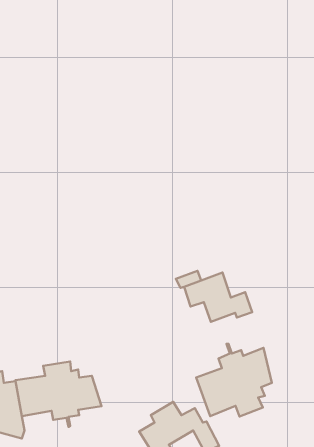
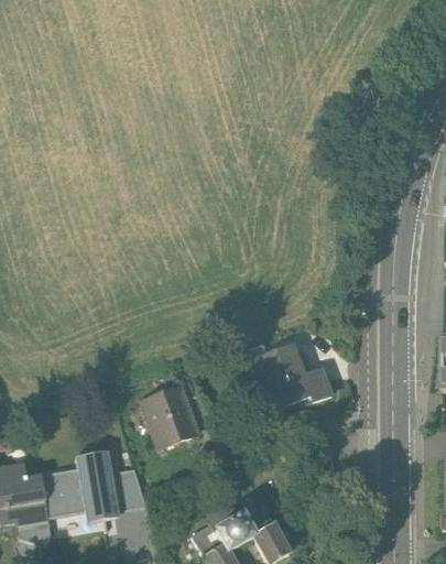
building: none -> [141,387,197,449]
building: [196,344,272,417] -> none

